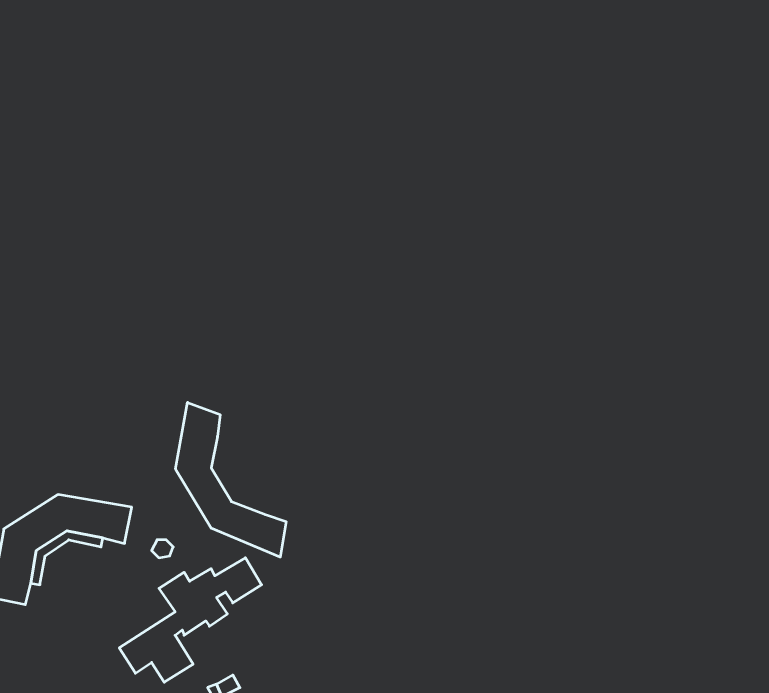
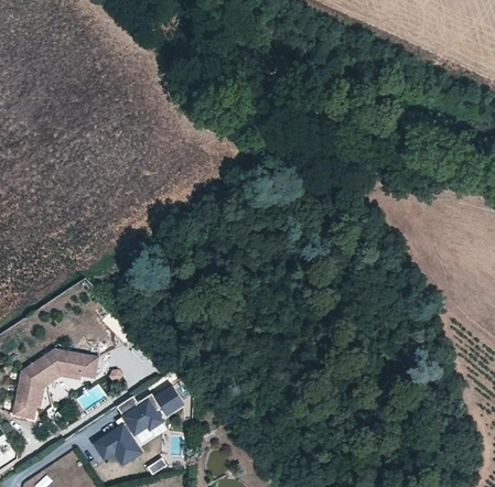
building: [176,402,286,557] -> none

